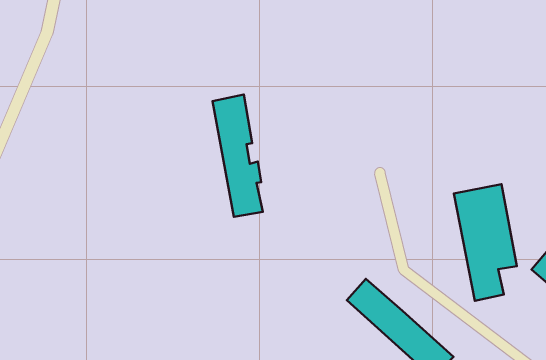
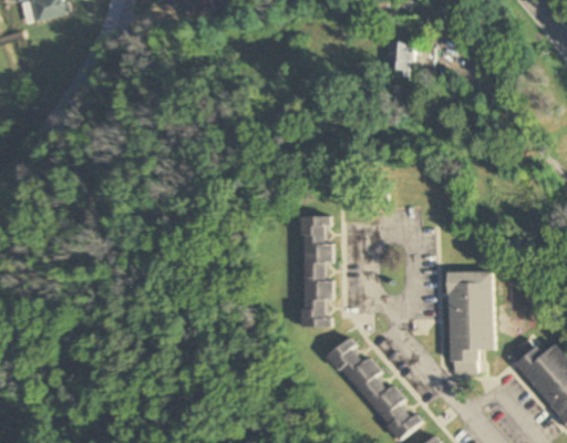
building: [213,95,263,217] -> [302,216,334,328]

